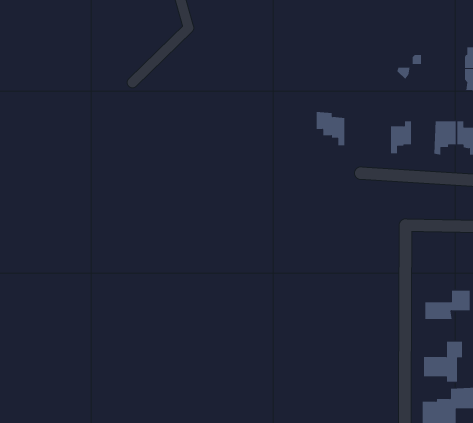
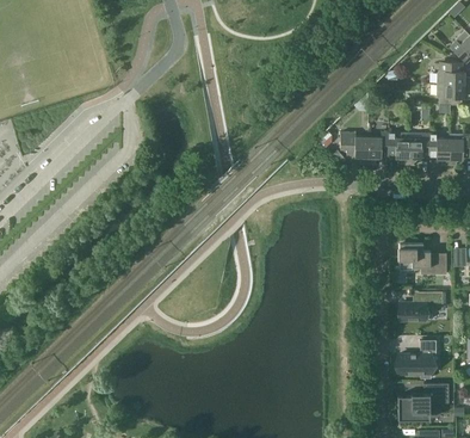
building: [316,112,345,146] -> [341,132,369,165]
building: none -> [389,134,410,165]
building: none -> [398,242,432,270]

